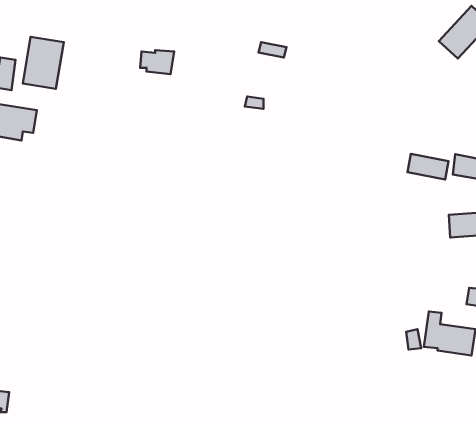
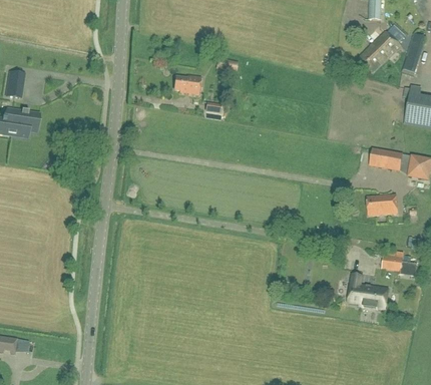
building: [23,37,64,89] -> none
building: [140,50,174,74] -> [174,75,201,94]
building: [407,154,448,180] -> none

